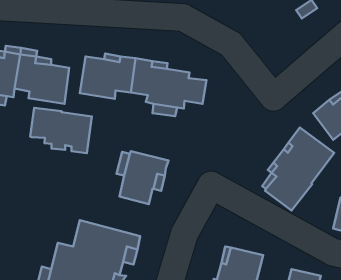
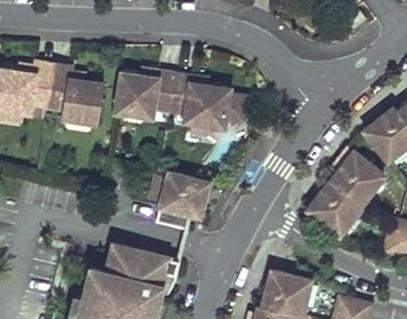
building: [30,108,92,153] -> none

